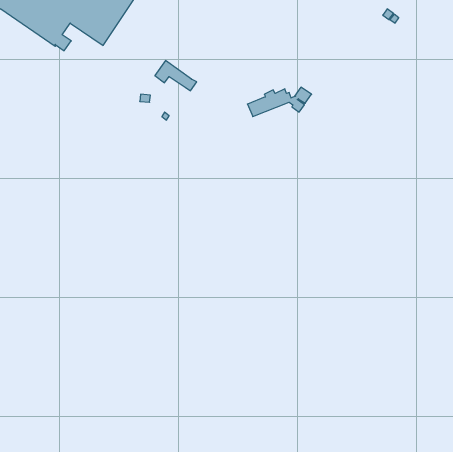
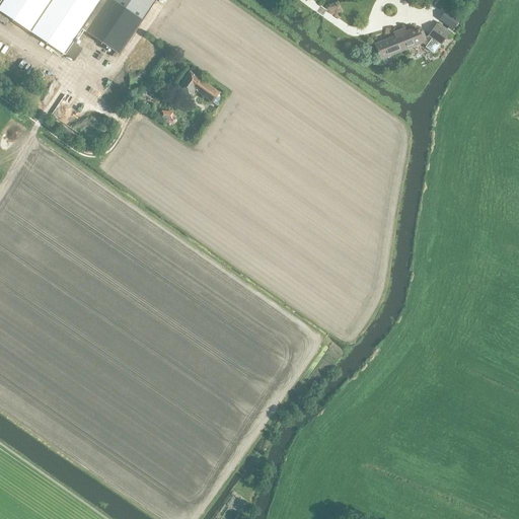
building: [247,87,312,117] -> [373,22,446,56]

